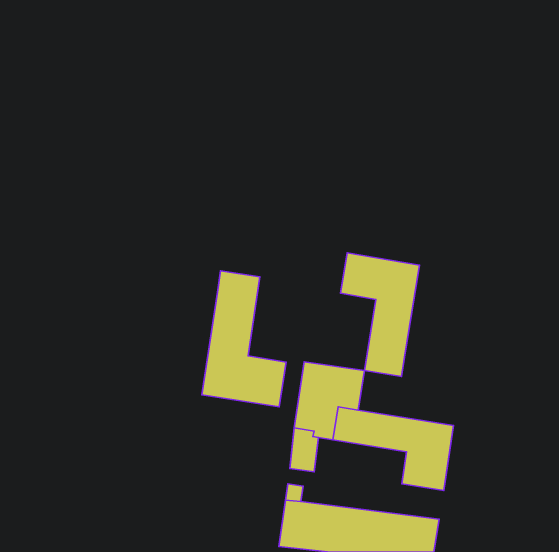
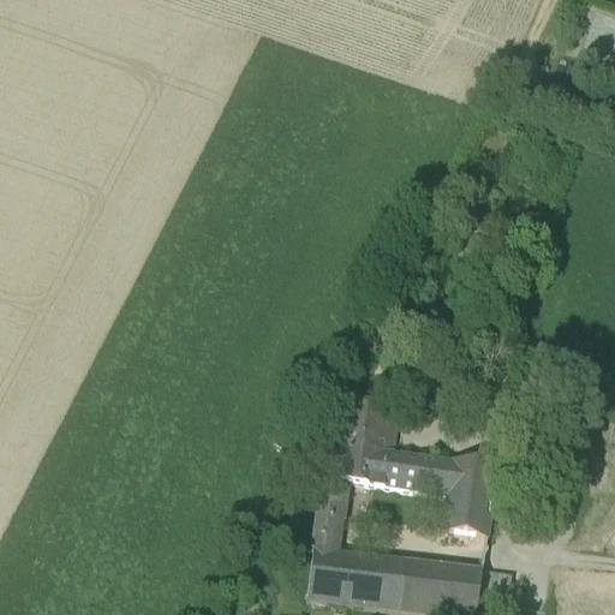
building: [341,253,419,376] -> none
building: [202,271,286,407] -> none

